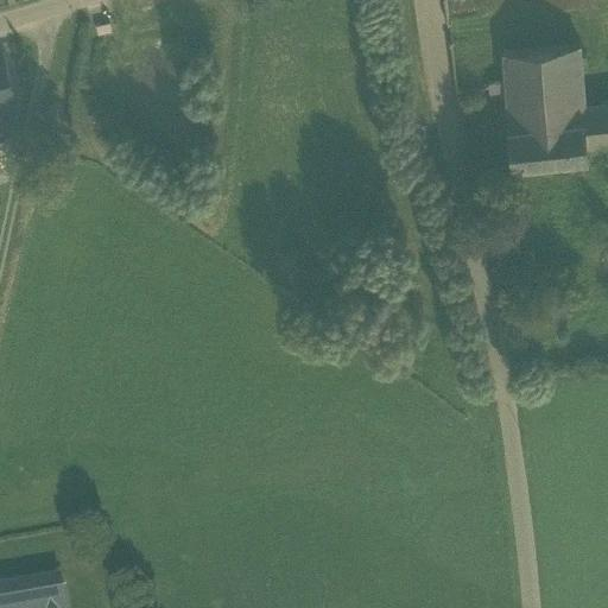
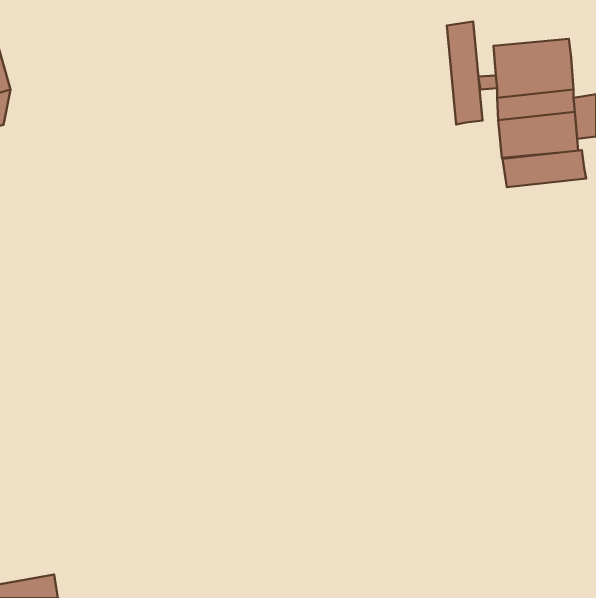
building: none -> [447,21,482,124]
building: none -> [503,150,586,187]

